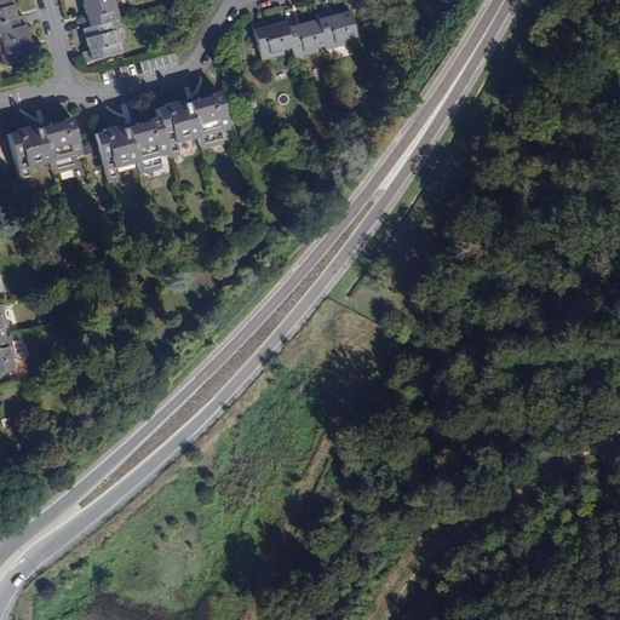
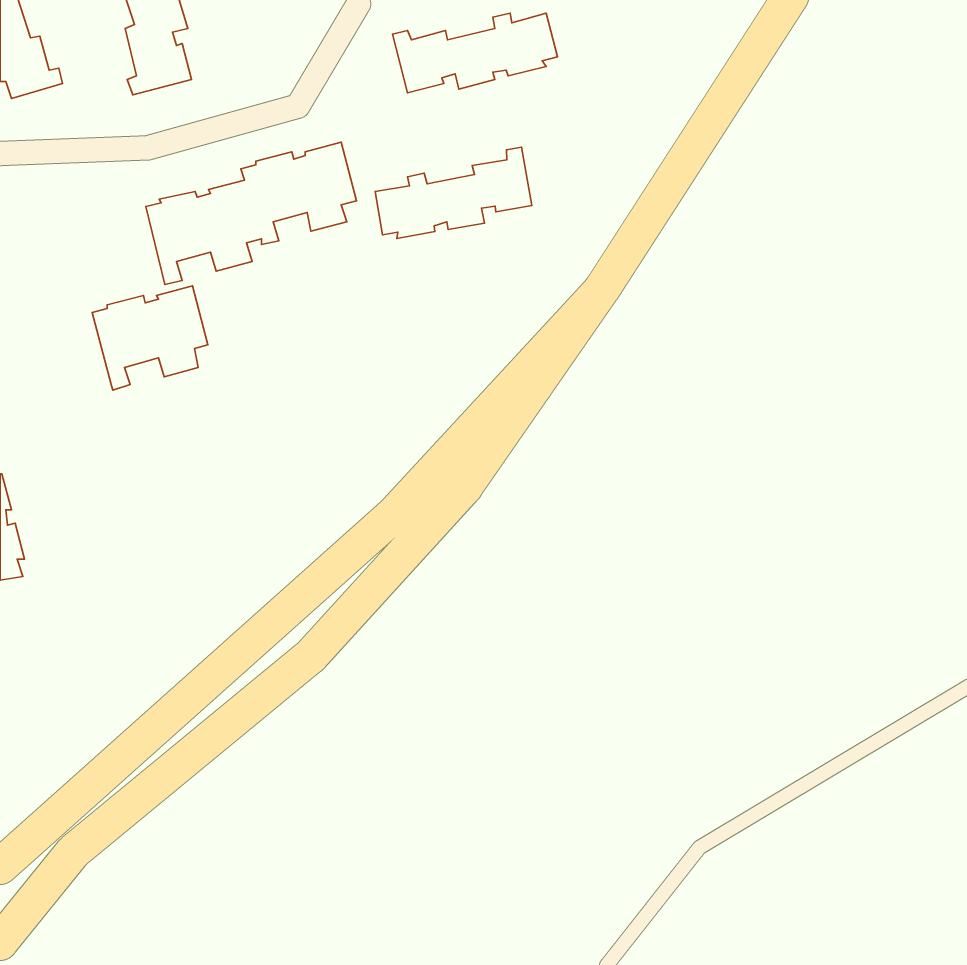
building: none -> [375,147,532,239]
building: [7,115,81,182] -> [92,286,208,390]

